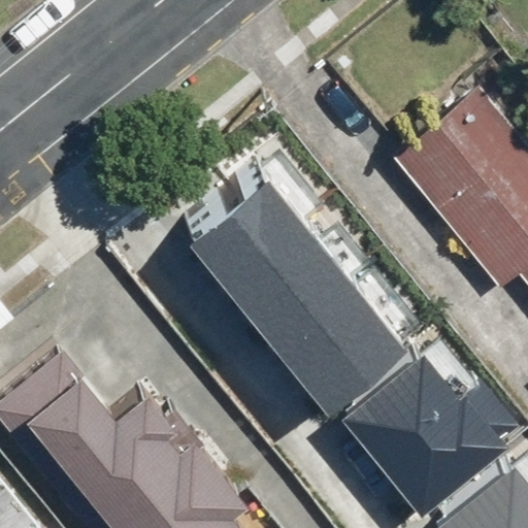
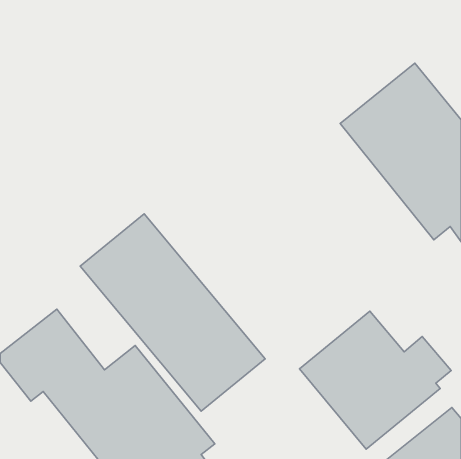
building: [193,188,404,414] -> [80,214,265,411]

